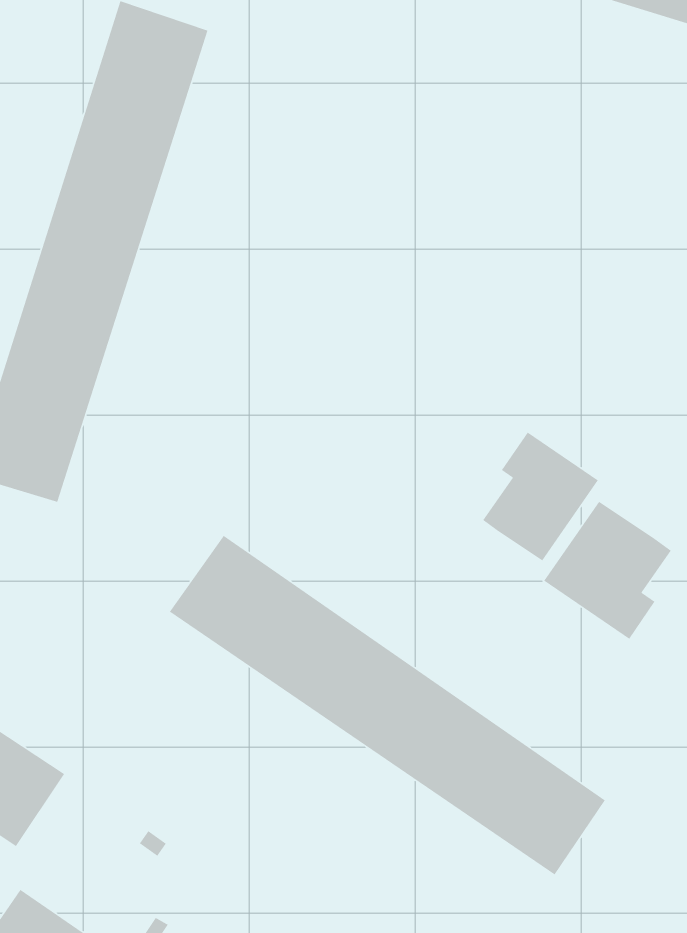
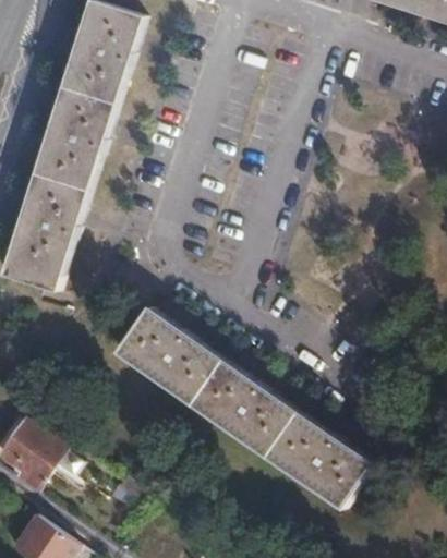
building: [482,431,599,562] -> none
building: [543,501,672,640] -> none

